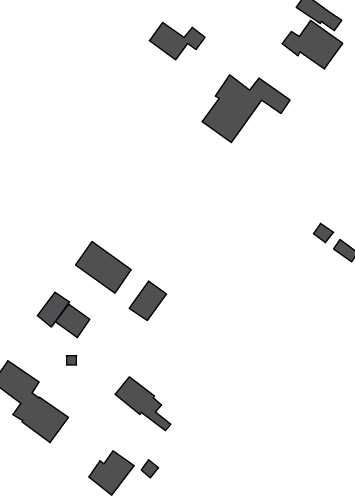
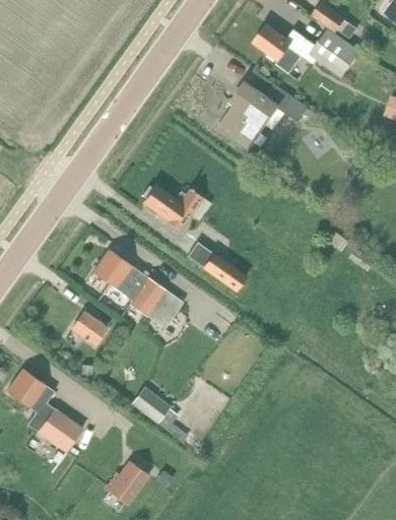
building: [149,22,205,60] -> [252,22,308,60]
building: none -> [142,185,212,230]
building: none -> [188,243,247,290]
building: none -> [129,277,164,316]
building: [37,292,70,327] -> none

